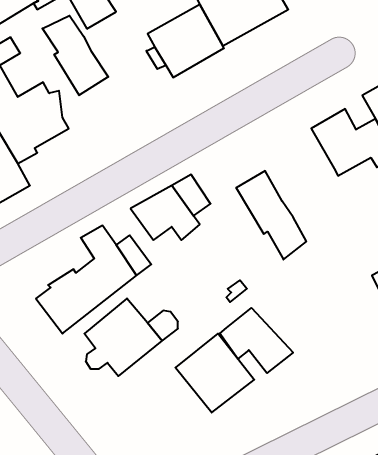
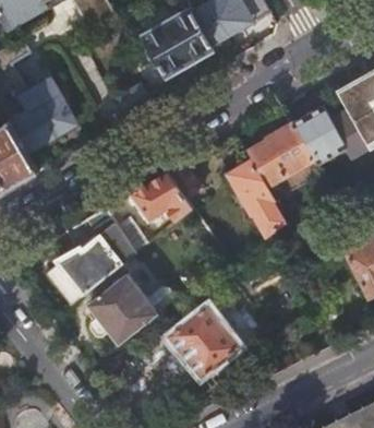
building: [42,16,108,95] -> none
building: none -> [245,120,314,186]
building: [220,308,293,373] -> none

